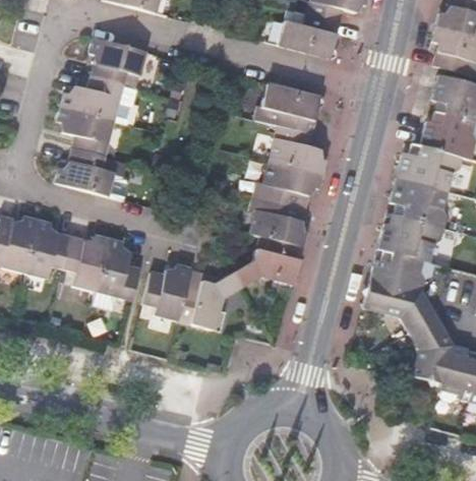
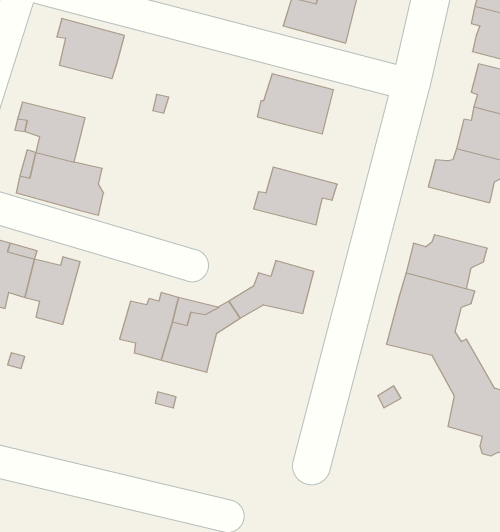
building: [62,75,136,123] -> none
building: [270,124,325,174] -> none
building: [392,176,450,227] -> none
building: [250,194,307,246] -> none
building: [93,238,140,308] -> none

